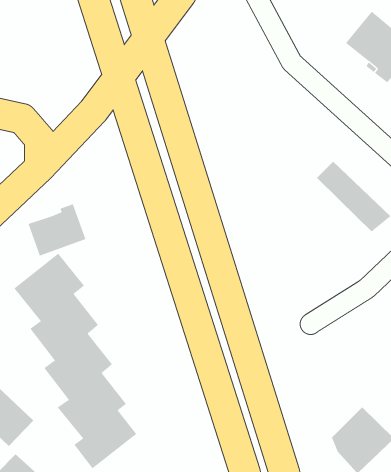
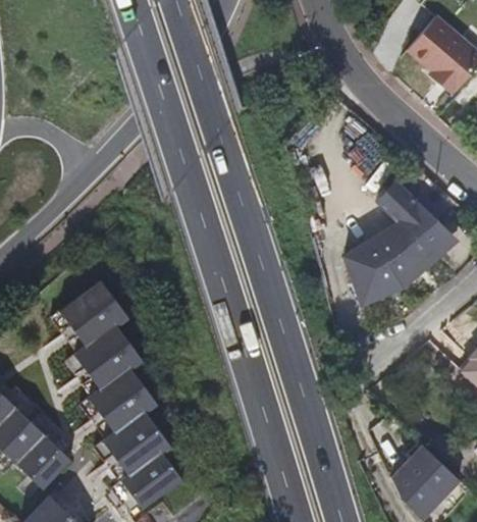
building: none -> [348,222,438,307]
building: [28,204,86,256] -> none

